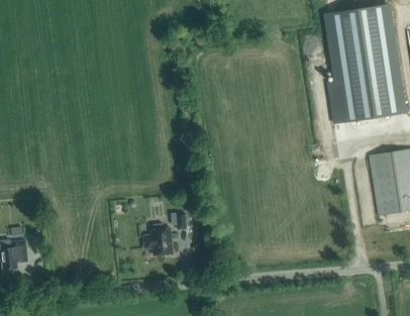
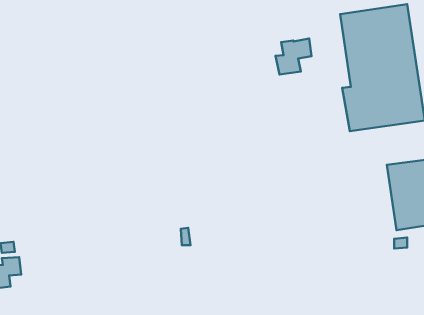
building: none -> [276,39,311,74]
building: [143,224,172,255] -> none

